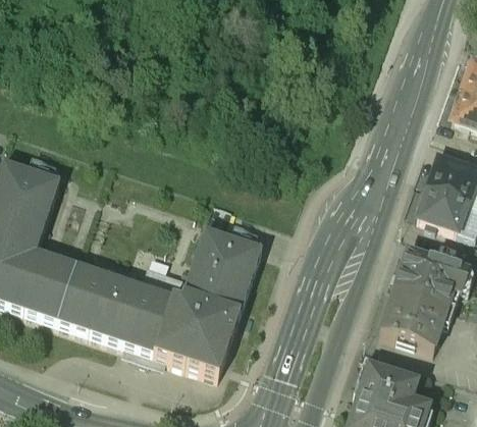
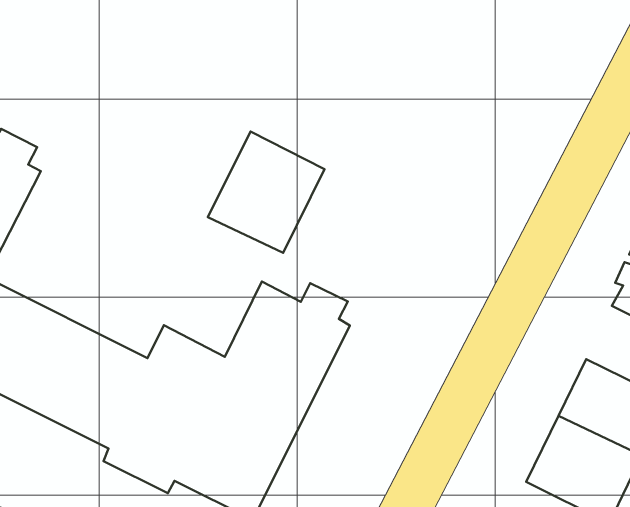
building: none -> [208,132,324,253]

